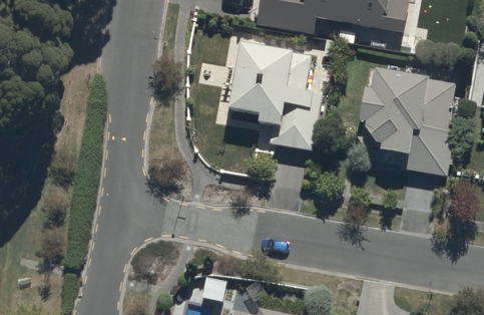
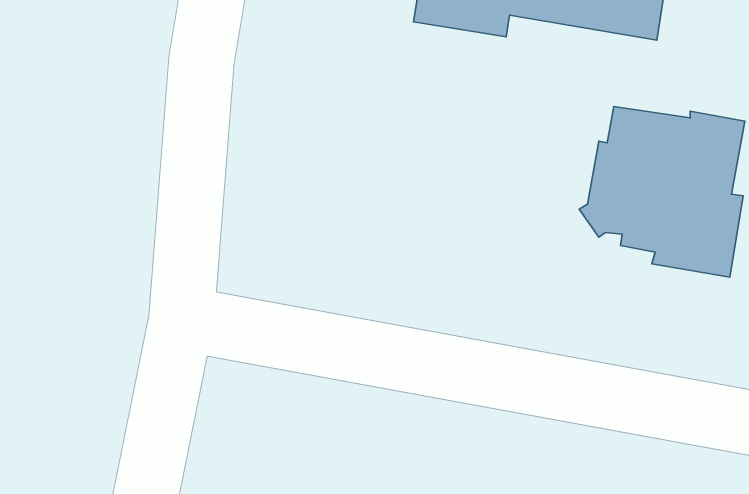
building: [229,45,322,149] -> none

